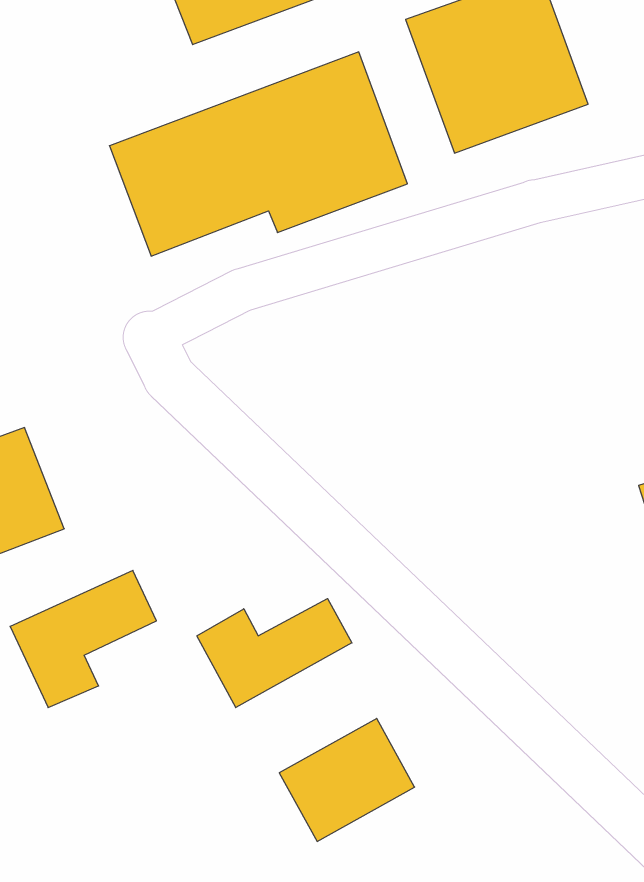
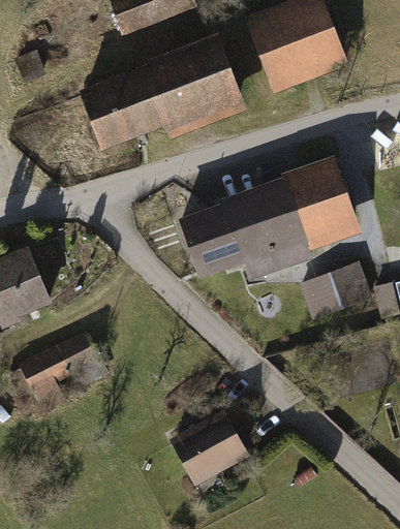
building: none -> [168,155,366,281]
building: none -> [299,263,372,320]
building: [197,599,352,708] -> none

